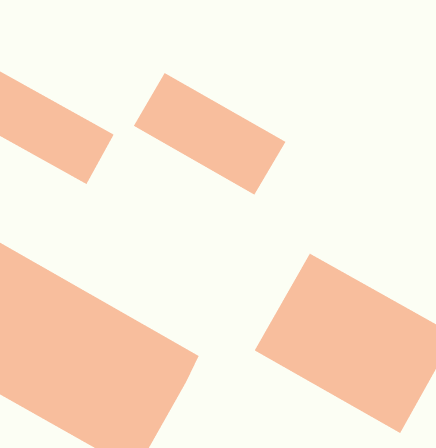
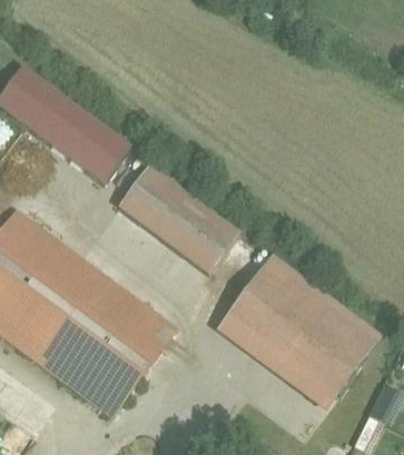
building: [133,72,286,195] -> [120,166,239,271]

